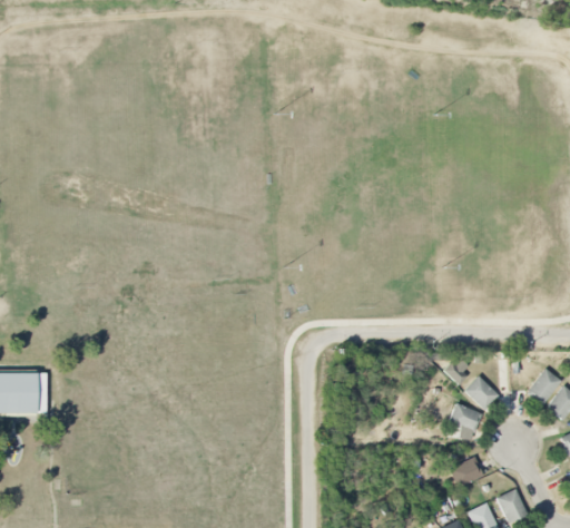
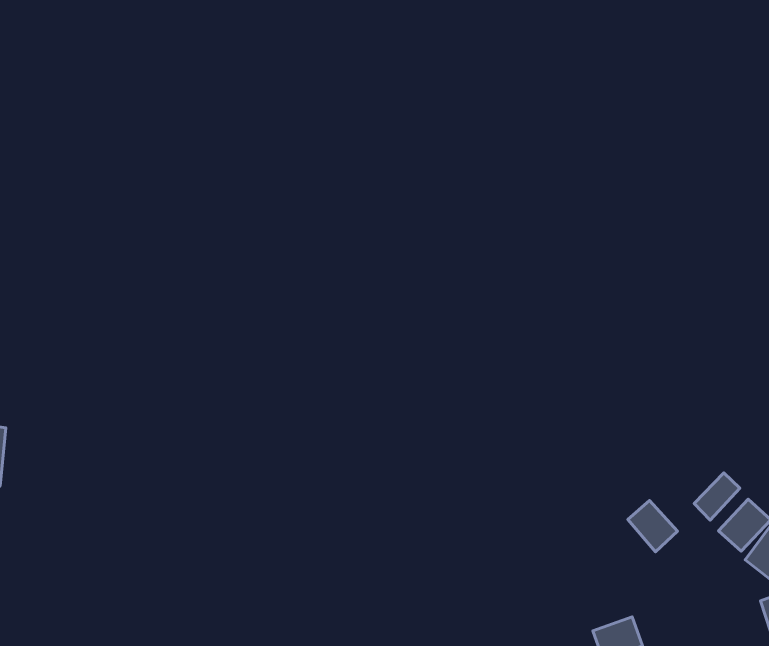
building: none -> [694,473,740,520]
building: [448,403,482,433] -> none

